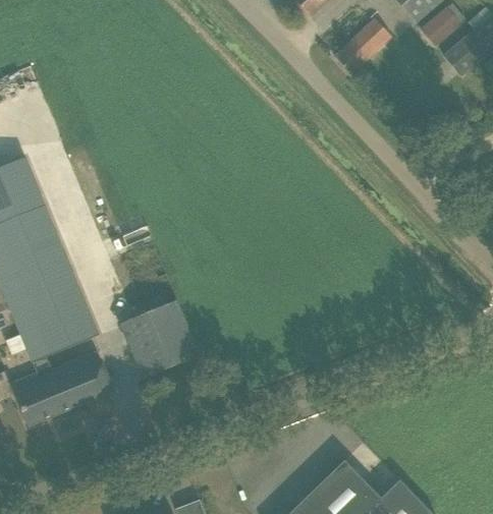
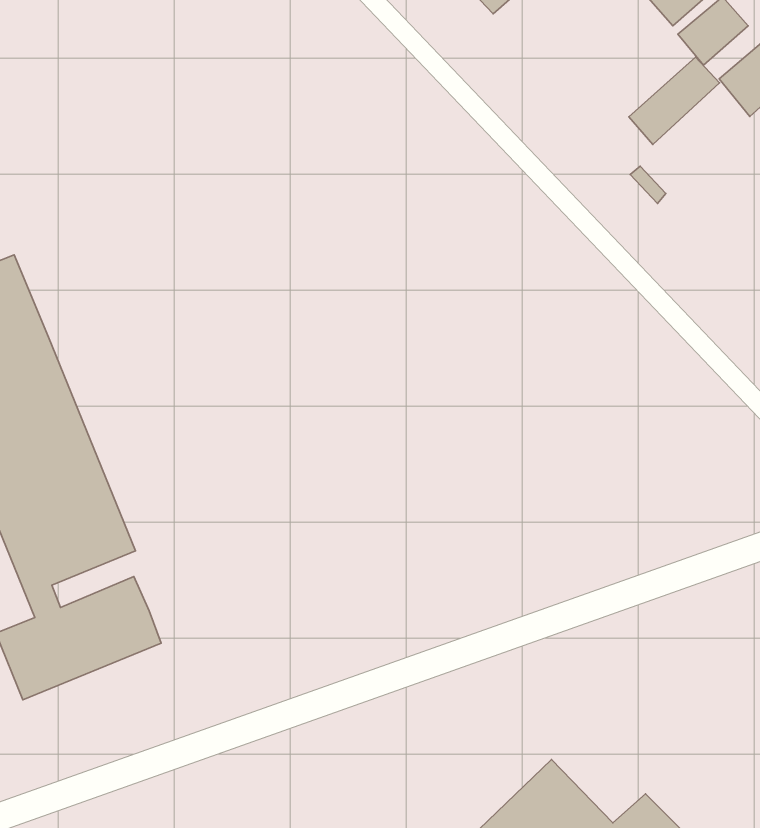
building: [335,20,389,72] -> [629,57,720,144]
building: [122,301,199,377] -> none

